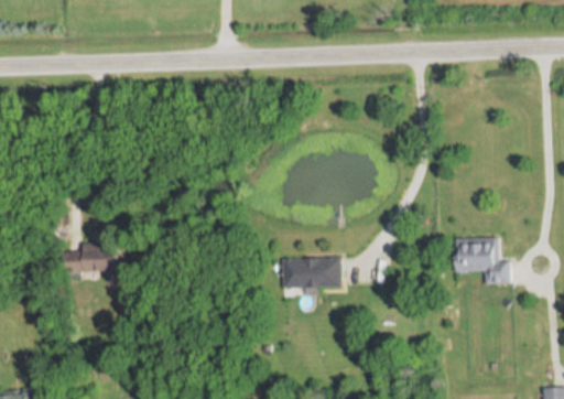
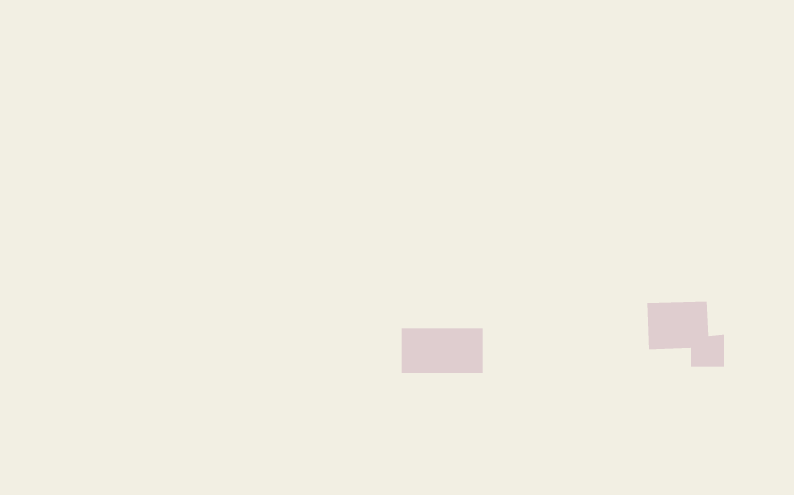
building: [65,242,119,272] -> none

